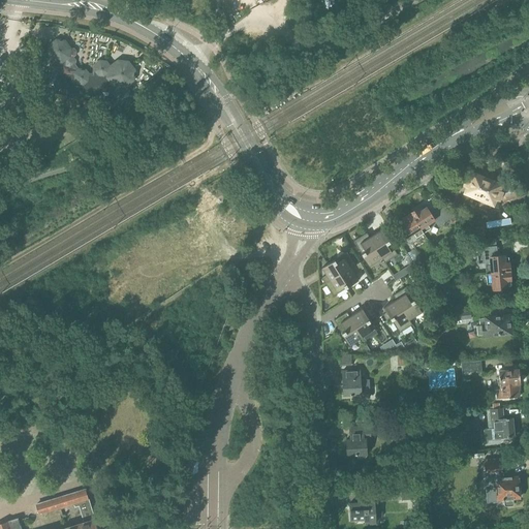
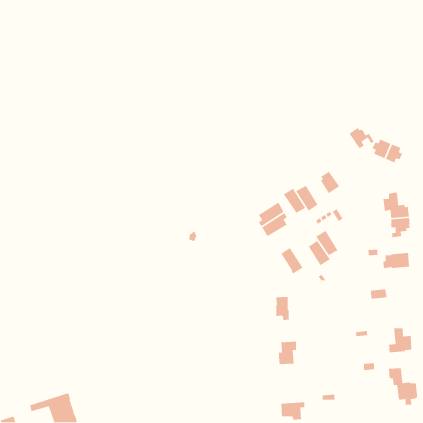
building: [41,40,135,104] -> none
building: [411,205,444,232] -> [348,127,375,149]
building: [335,311,364,345] -> none
building: [497,364,521,399] -> none

